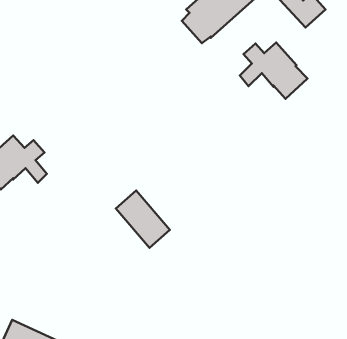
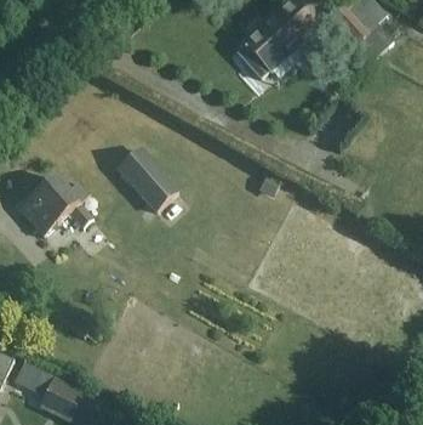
building: [240,42,307,99] -> none
building: [116,191,170,248] -> [120,148,178,210]

